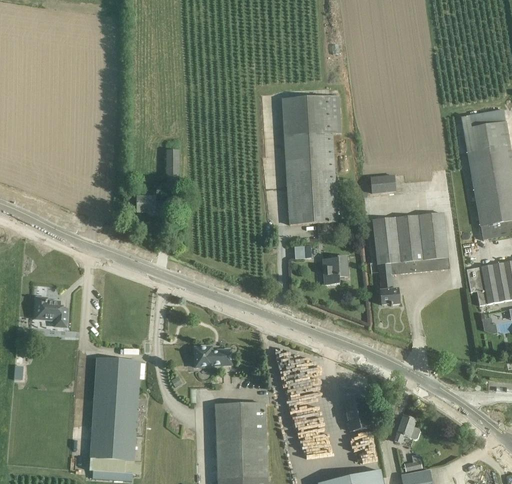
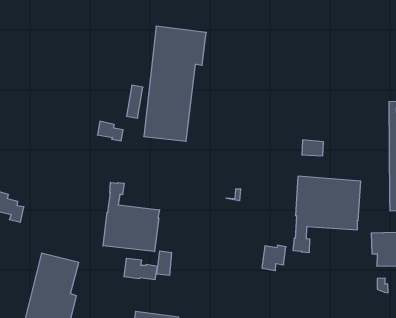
building: [281,95,341,225] -> [144,26,206,141]
building: [323,255,348,284] -> [262,245,286,271]
building: none -> [103,182,160,252]
building: none -> [157,251,171,275]

